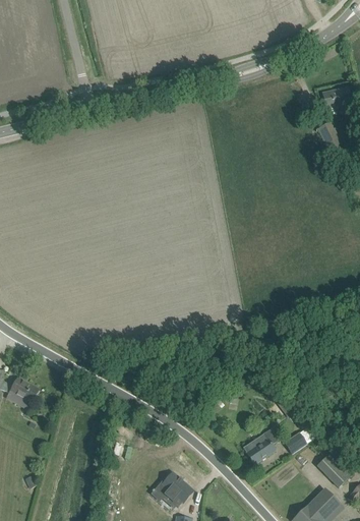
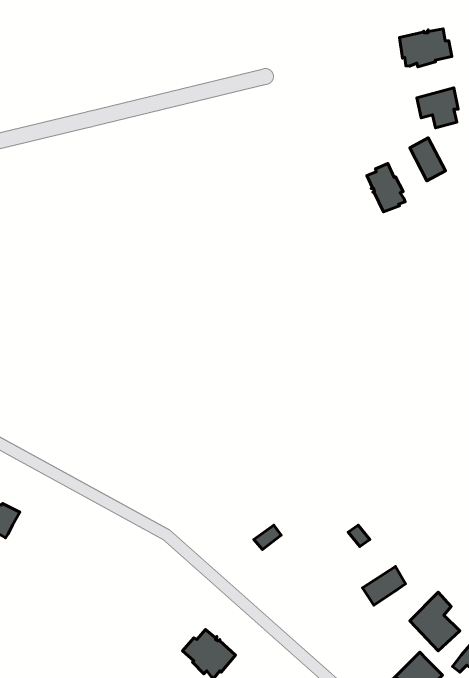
building: none -> [399,29,452,67]
building: none -> [367,164,405,212]
building: [242,428,278,464] -> none

